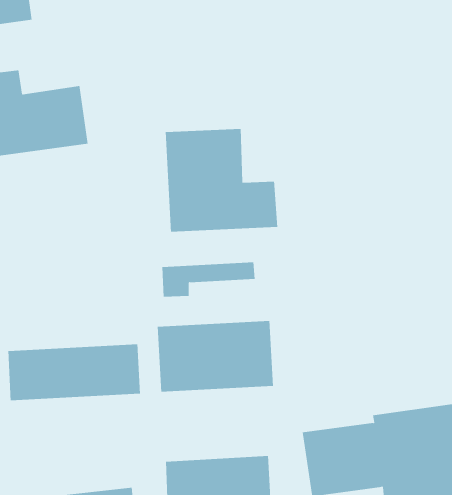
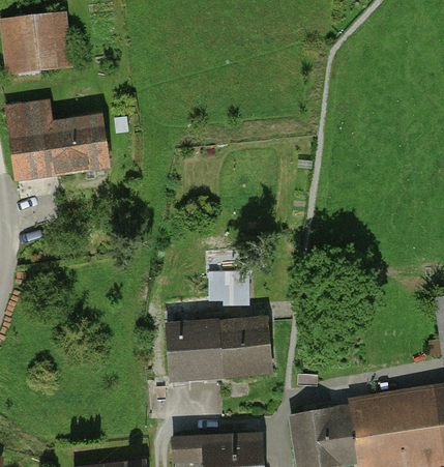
building: [165,128,278,232] -> none
building: [8,344,140,401] -> none

